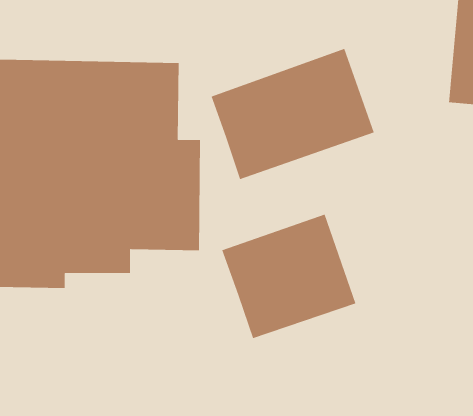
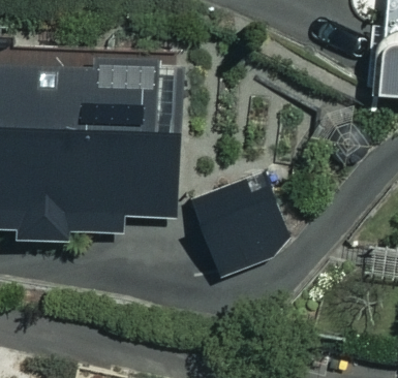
building: [211,48,375,180] -> none

